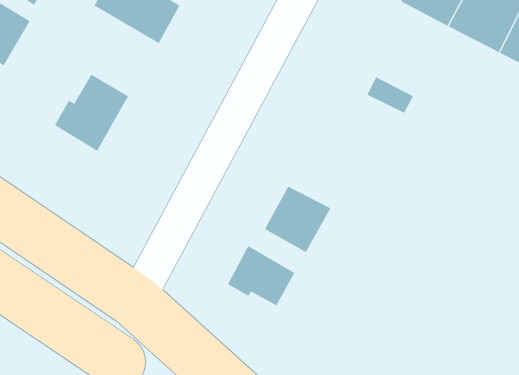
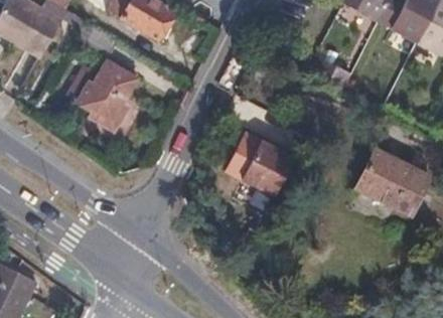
building: none -> [356,152,430,214]
building: [227,245,295,306] -> none

